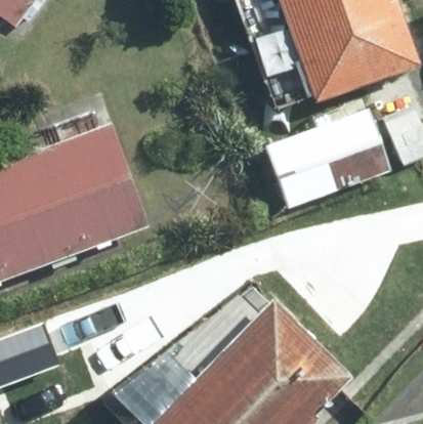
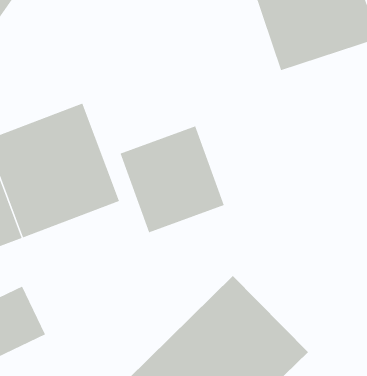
building: [269,93,397,198] -> none
building: none -> [120,126,224,233]

